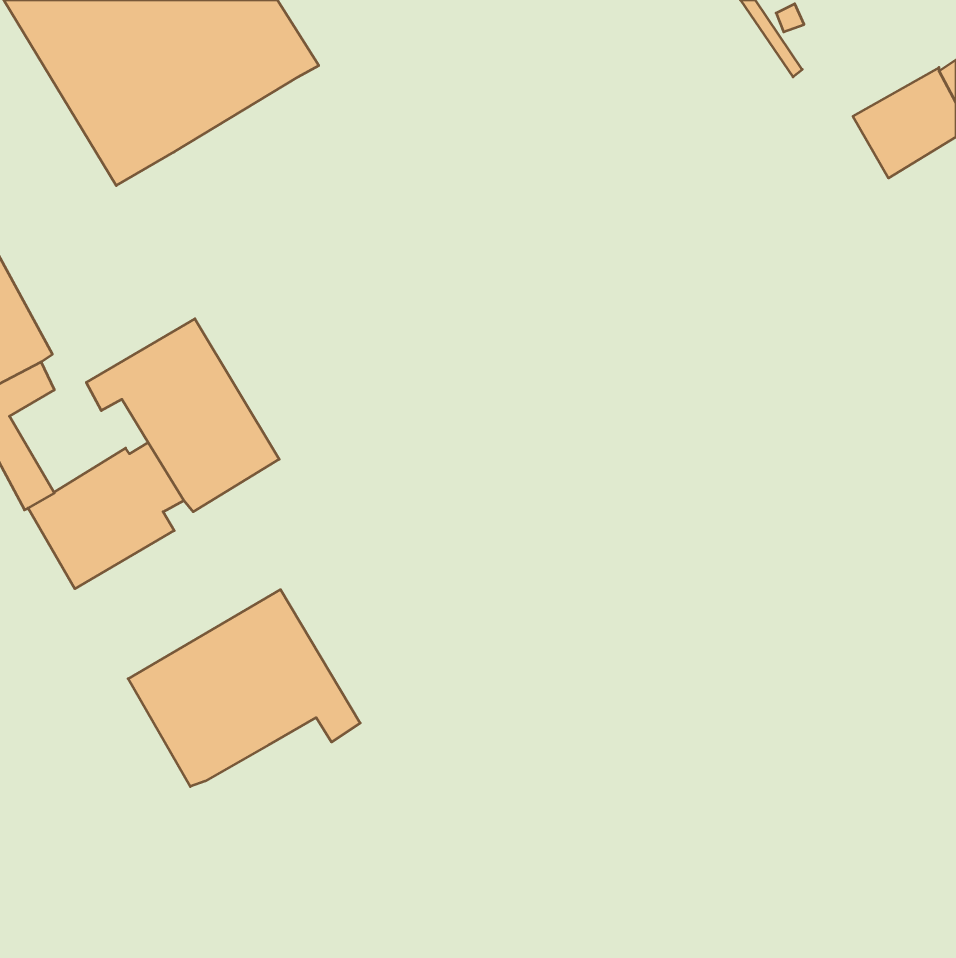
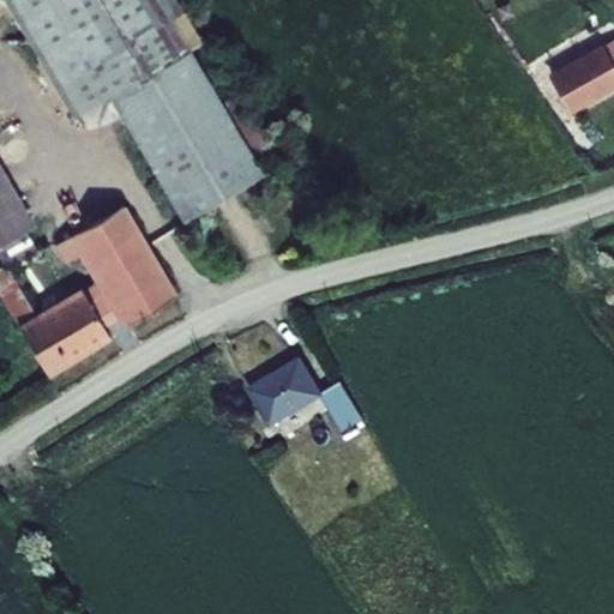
building: none -> [112,49,265,222]
building: none -> [247,356,363,433]
building: [128,590,360,787] -> none

